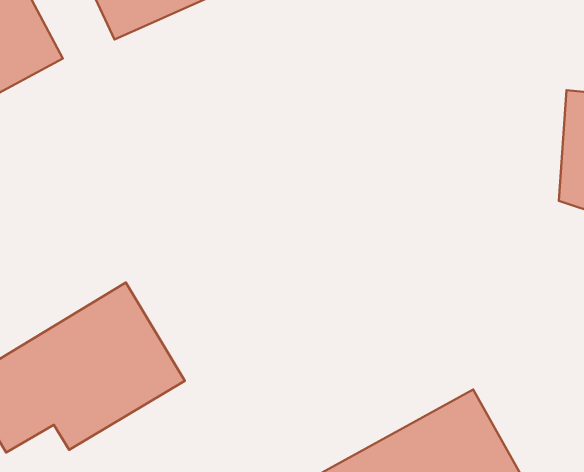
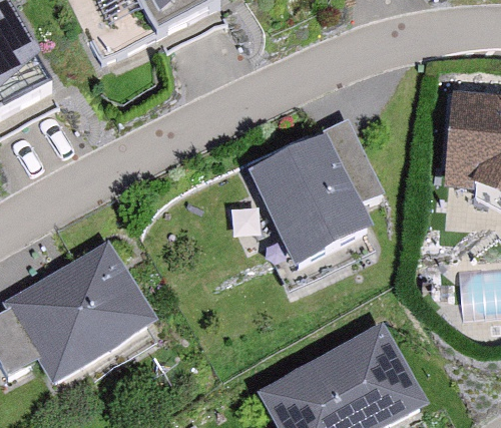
building: none -> [255,139,374,267]

